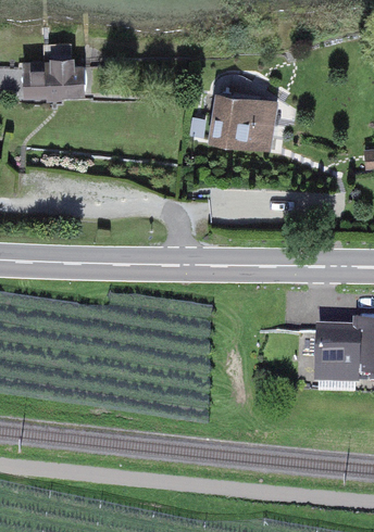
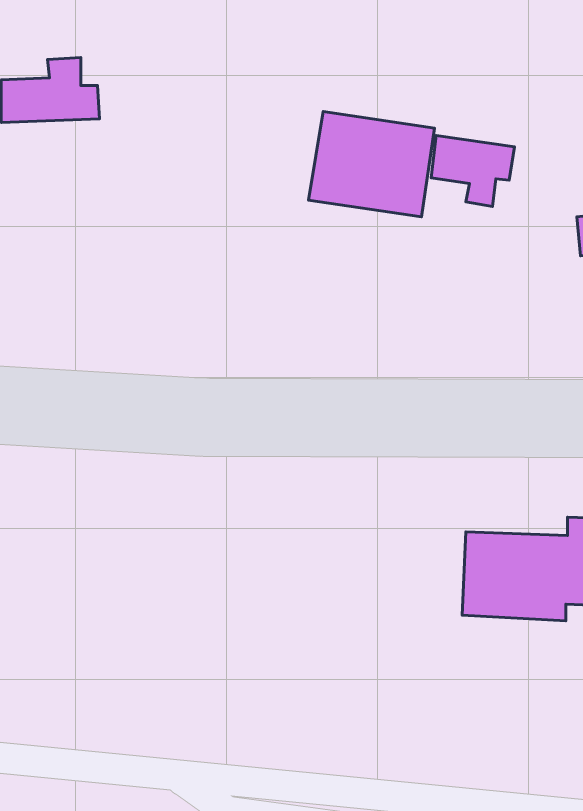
building: none -> [431,135,514,206]

